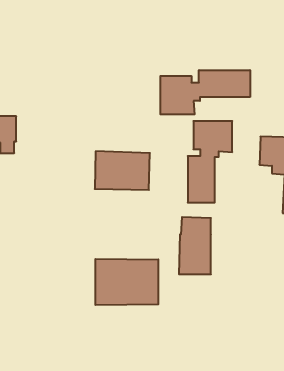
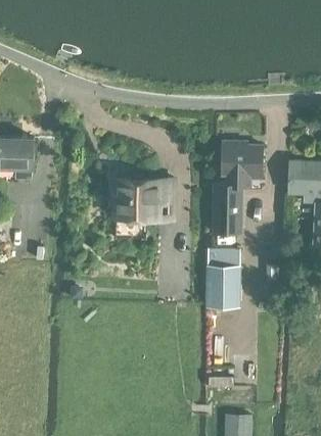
building: [160,70,250,114] -> none
building: [95,259,158,305] -> none

